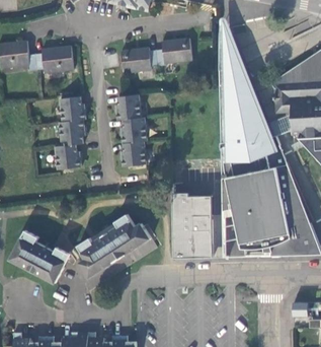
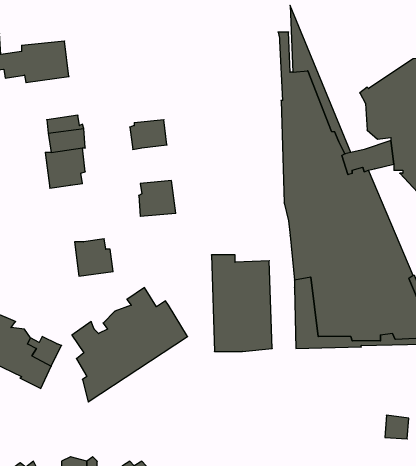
building: [119,37,192,72] -> none
building: [121,116,147,142] -> none
building: [55,143,81,168] -> [75,239,113,276]

